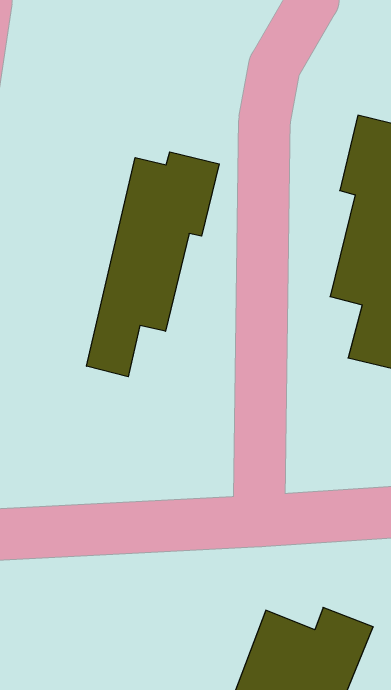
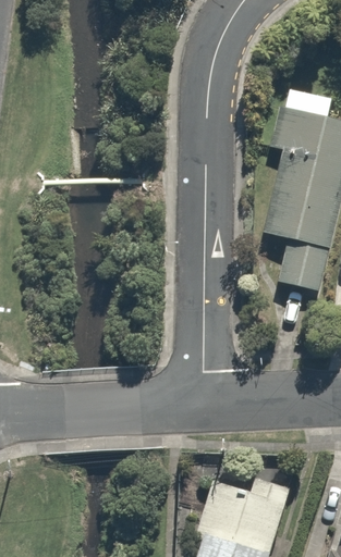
building: [87,152,219,377] -> none

